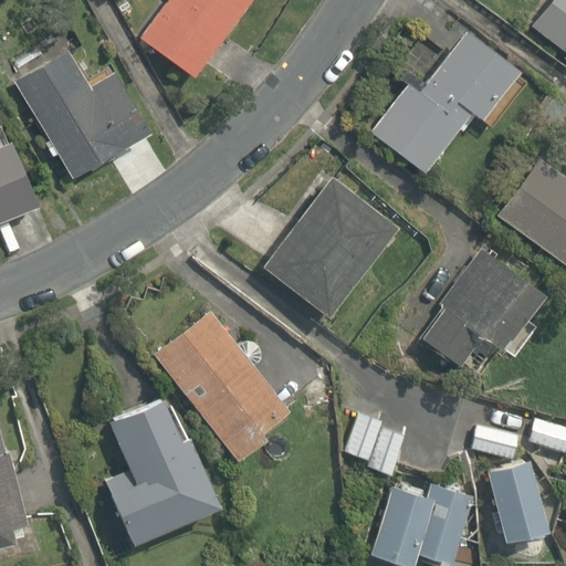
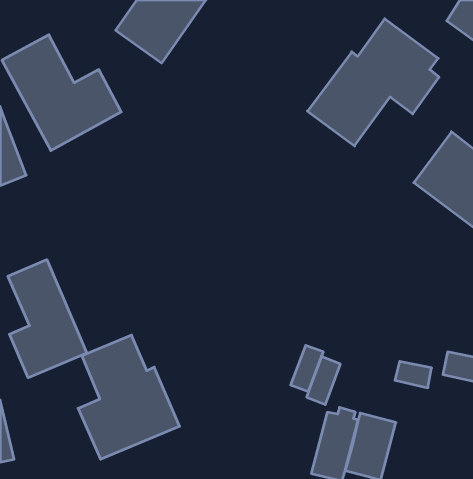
building: [261,180,395,321] -> none
building: [420,247,545,376] -> none
building: none -> [8,260,87,378]
building: [154,307,290,463] -> none
building: [483,459,544,543] -> none

